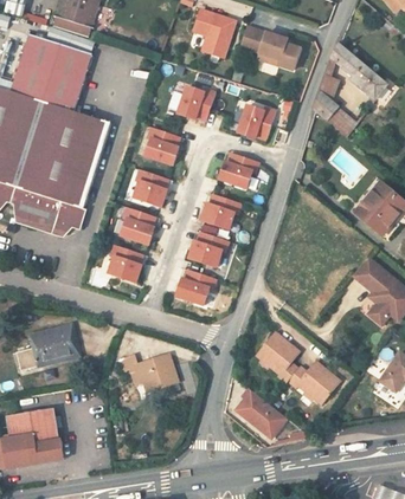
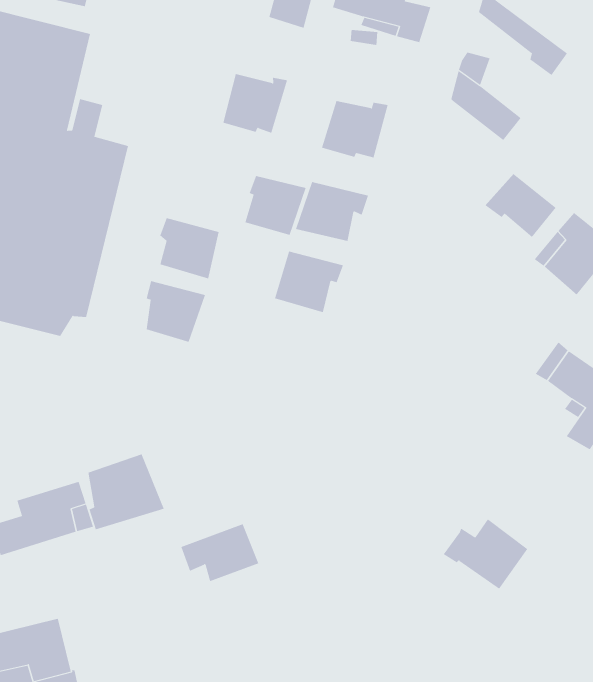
building: [141,125,180,163] -> [245,175,307,235]
building: none -> [485,173,556,238]
building: [184,228,229,273] -> none
building: [103,241,143,281] -> none
building: [171,266,216,304] -> none
building: none -> [88,454,164,530]
building: [258,332,302,384] -> none
building: [240,389,288,439] -> none

